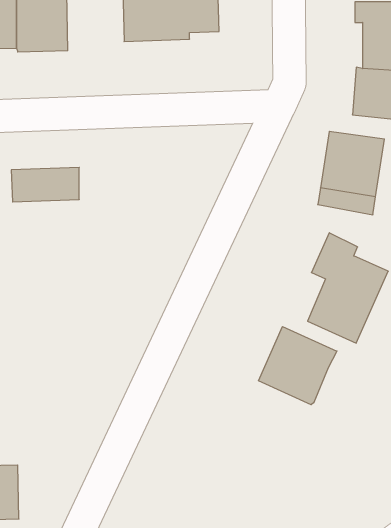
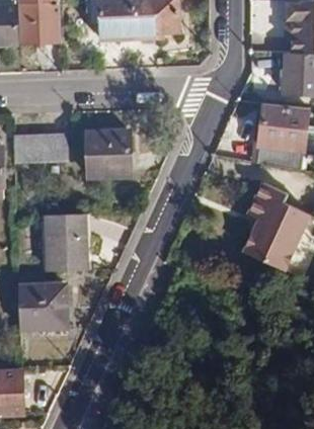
building: none -> [88,132,132,177]
building: none -> [46,212,84,269]
building: [258,327,337,405] -> none
building: none -> [17,283,68,323]

